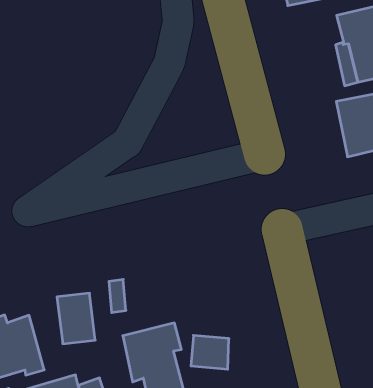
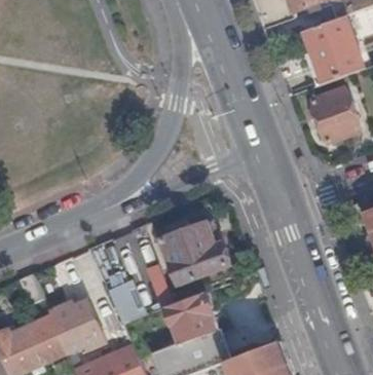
building: none -> [160,221,229,284]

